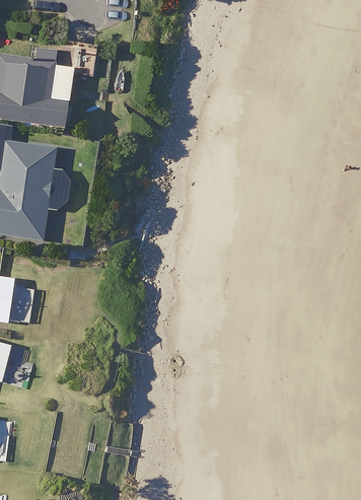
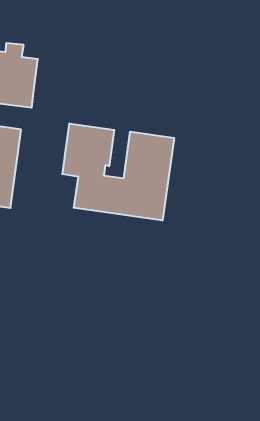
building: none -> [62,123,174,221]

